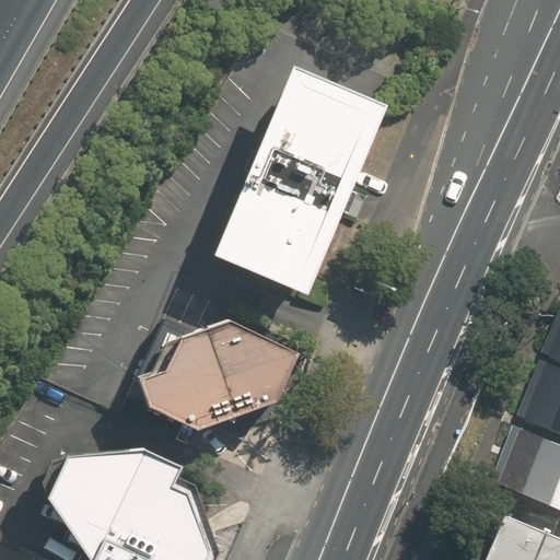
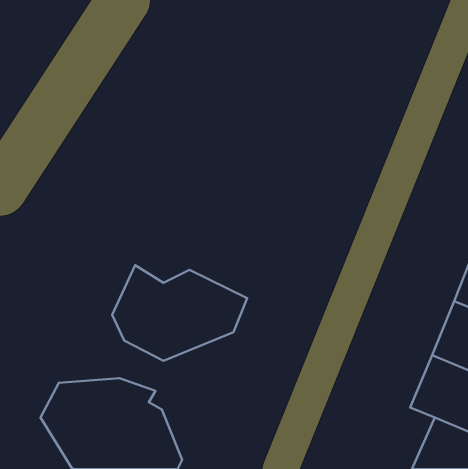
building: [213,72,385,296] -> none

